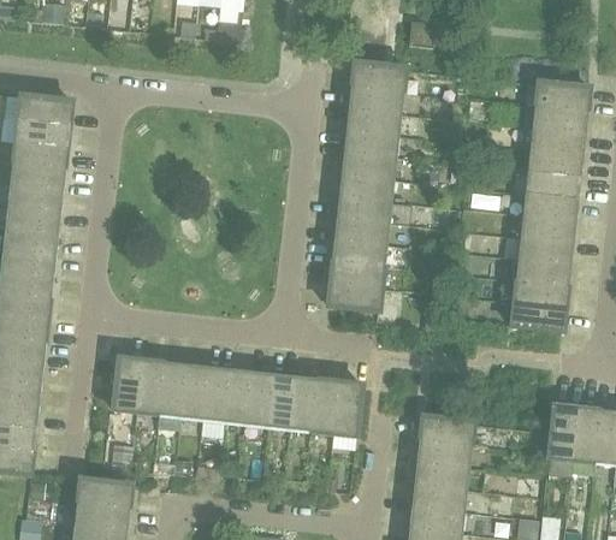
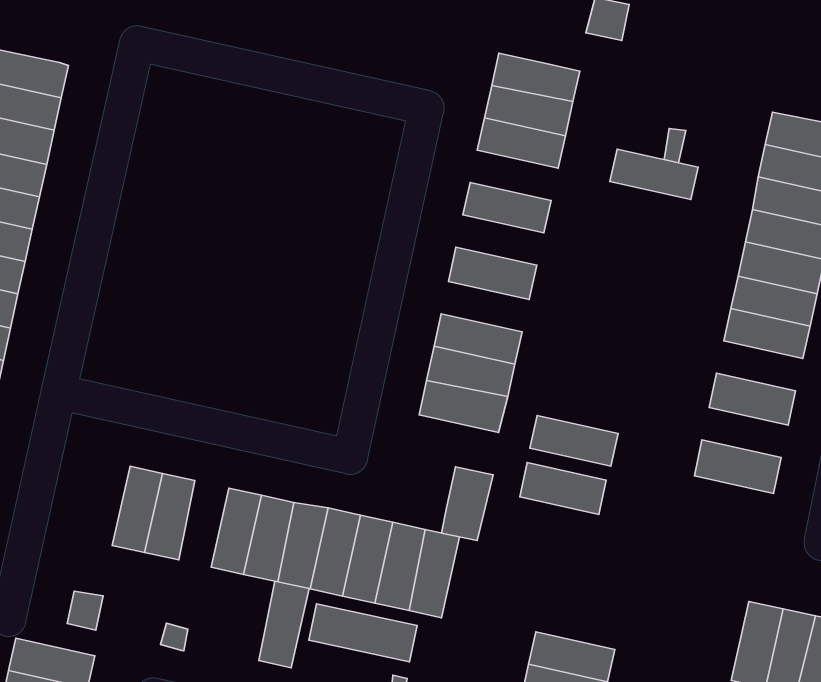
building: [343,127,399,155] -> [610,149,698,199]
building: [338,171,395,198] -> none
building: [333,215,390,243] -> [530,416,618,466]
building: [517,235,573,262] -> none
building: [513,279,568,307] -> none
building: none -> [442,467,493,540]
building: [113,356,141,411] -> none
building: [179,363,207,419] -> [259,581,309,668]
building: [417,415,473,444] -> [520,463,606,515]
building: none -> [309,604,417,662]

